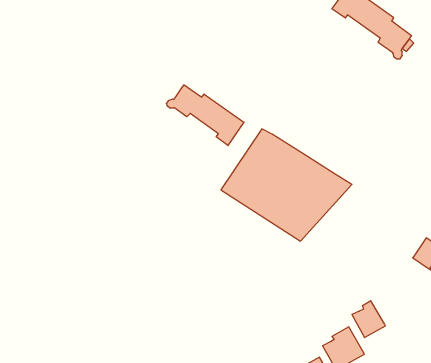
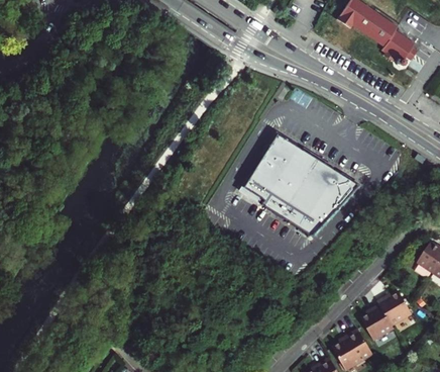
building: [167,85,244,146] -> none
building: none -> [377,290,413,323]

